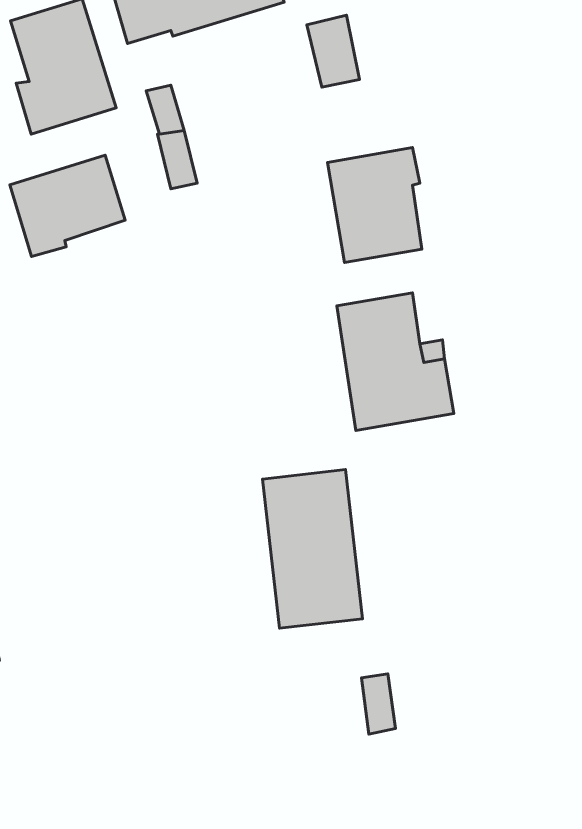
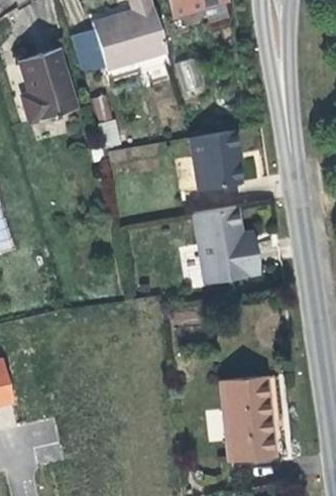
building: [10,155,125,256] -> none
building: [262,470,362,628] -> [221,376,274,461]

